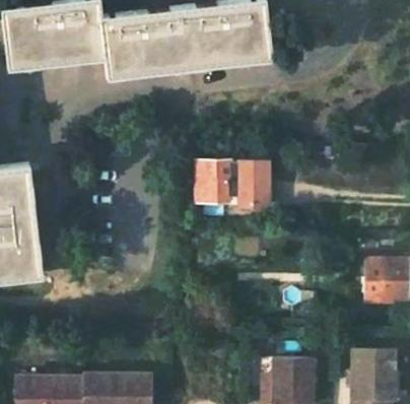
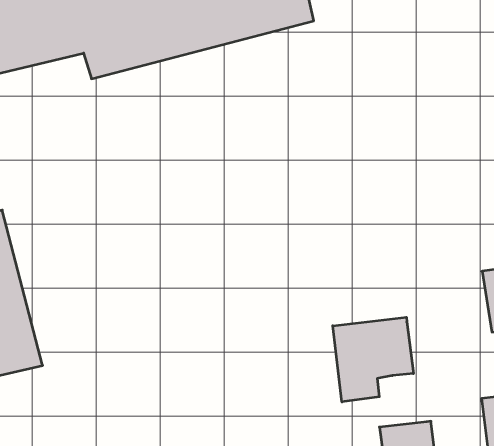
building: [197,160,267,205] -> none
building: none -> [333,317,413,402]

